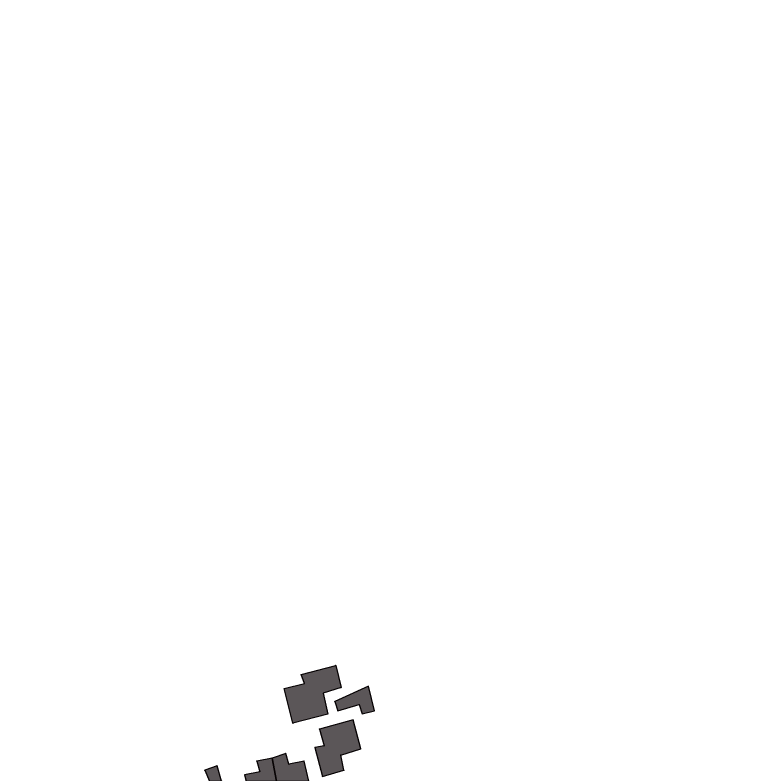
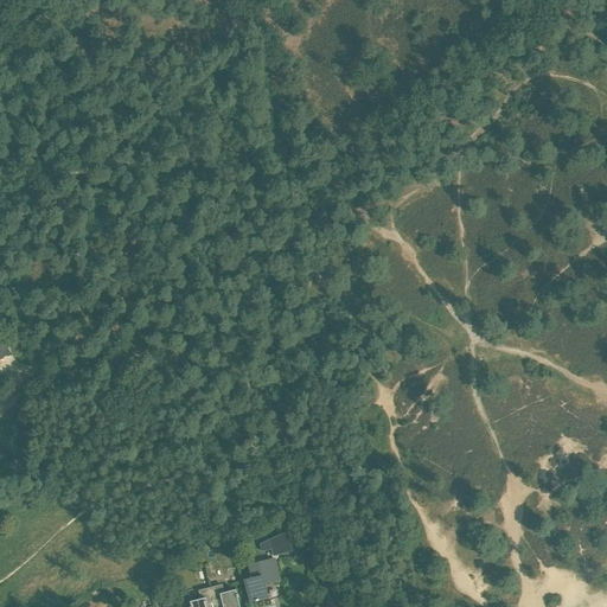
building: [284,665,341,723] -> none

